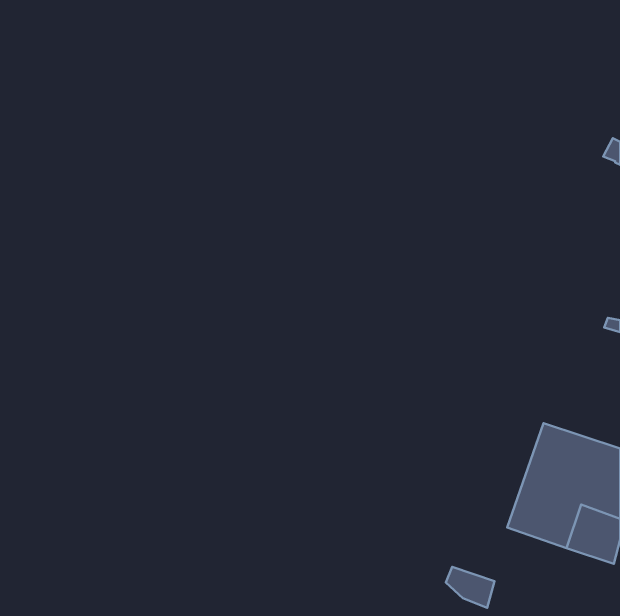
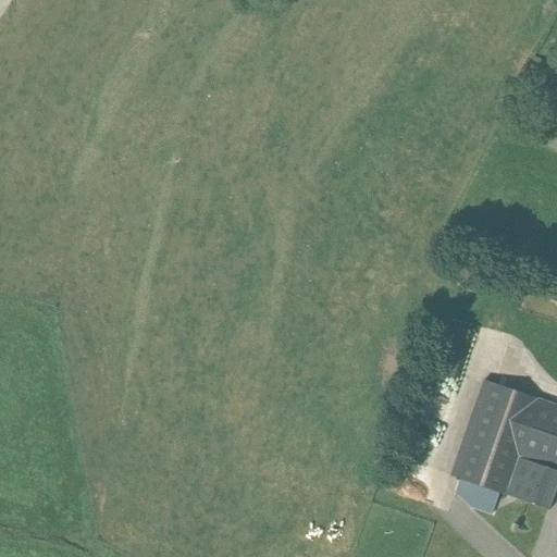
building: [446,567,495,608] -> [456,478,499,515]

